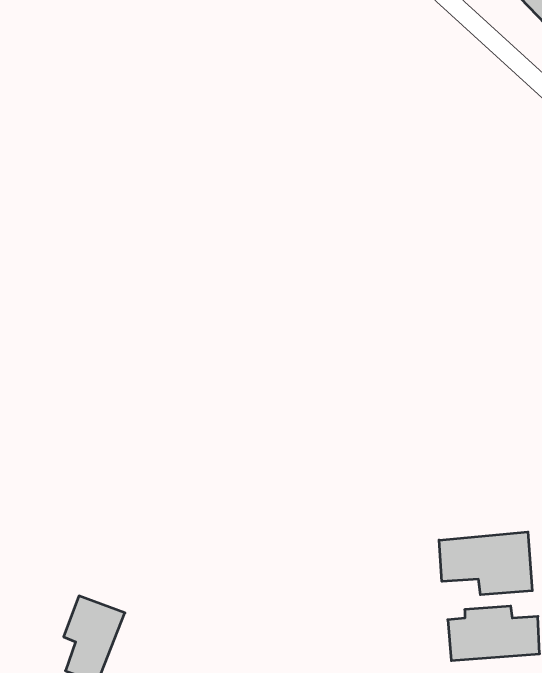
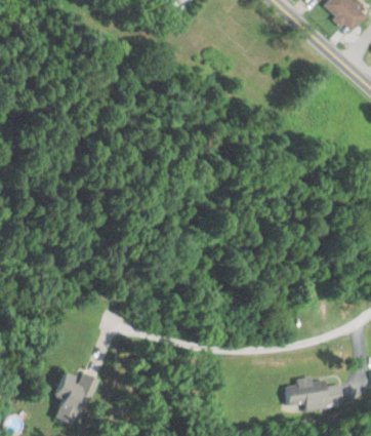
building: [439,532,532,595] -> none

